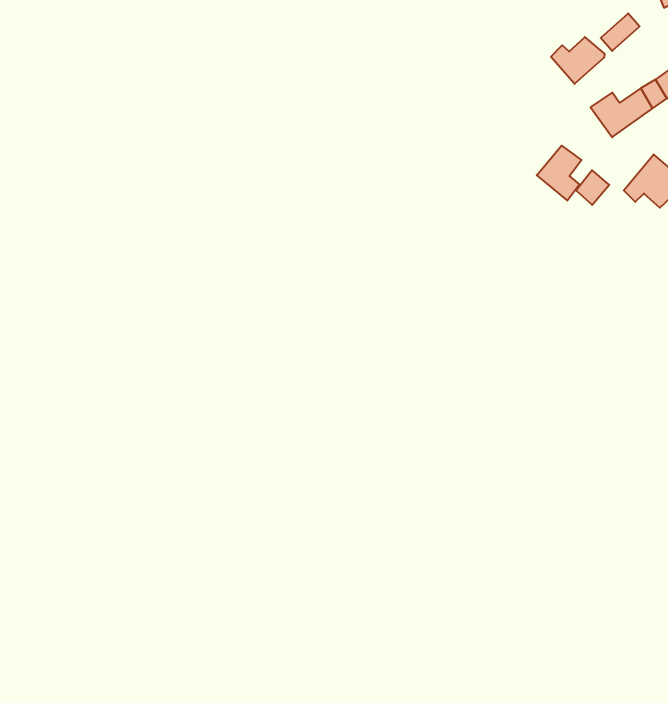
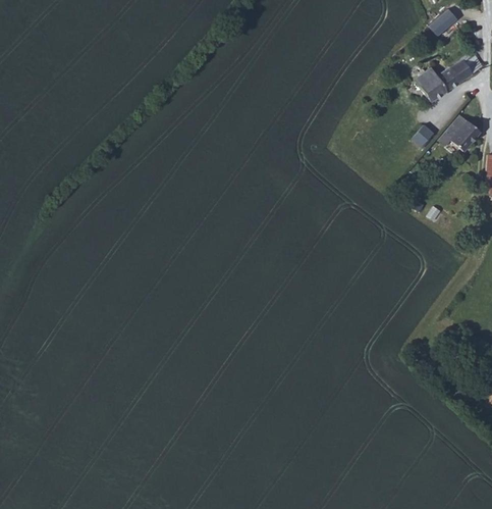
building: [551,37,605,84] -> none
building: [537,146,582,201] -> none

